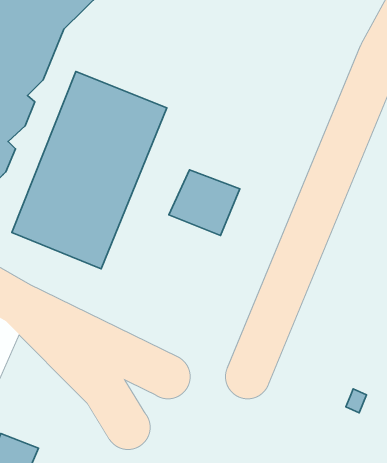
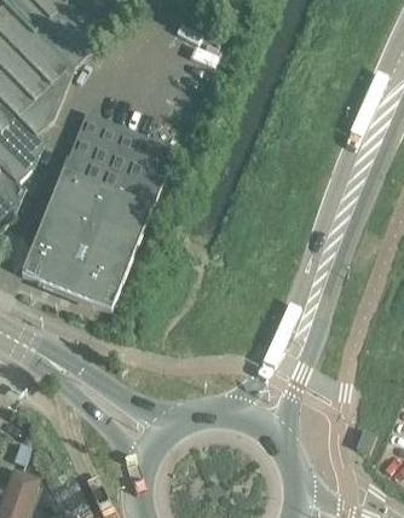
building: [169,170,240,235] -> none

